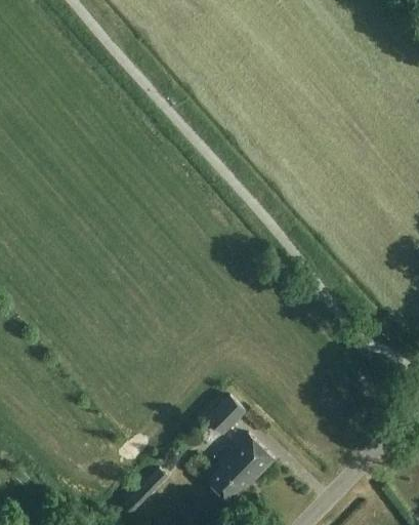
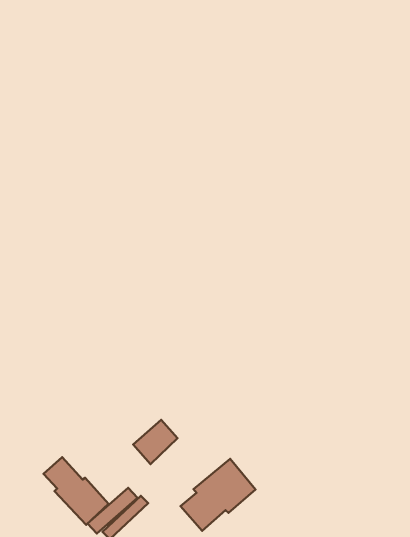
building: [206,395,246,436] -> [133,420,178,464]
building: none -> [43,457,109,525]

